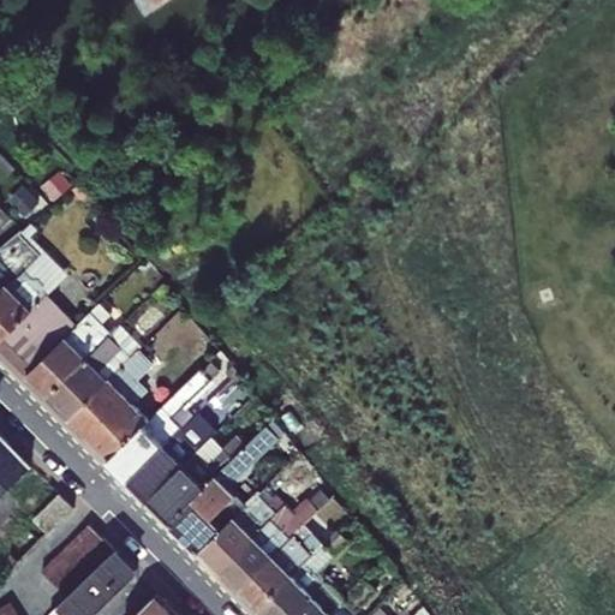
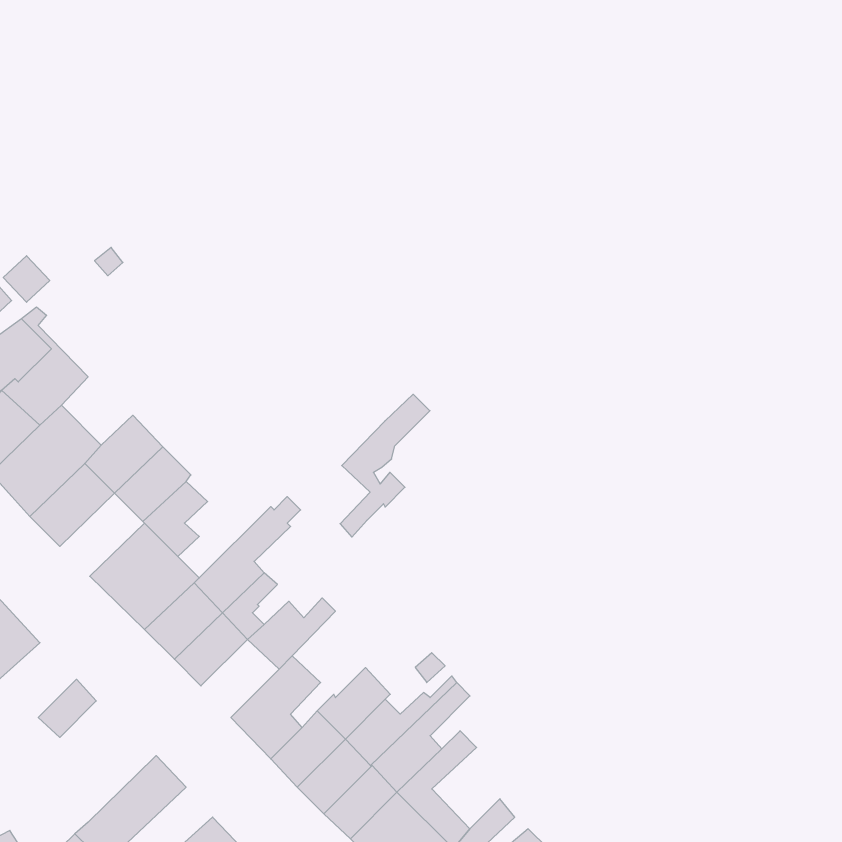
building: [43,362,105,422] -> none
building: [210,428,275,531] -> [340,394,430,537]
building: [145,467,202,524] -> none
building: [37,527,112,599] -> none

